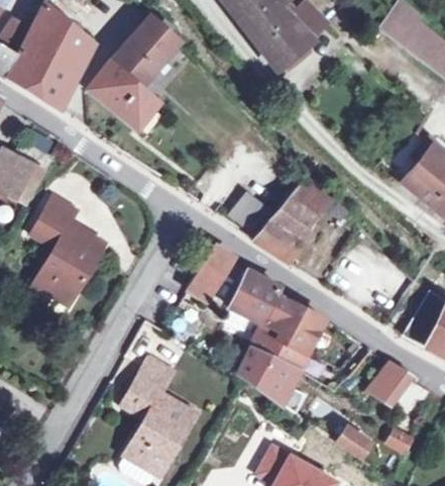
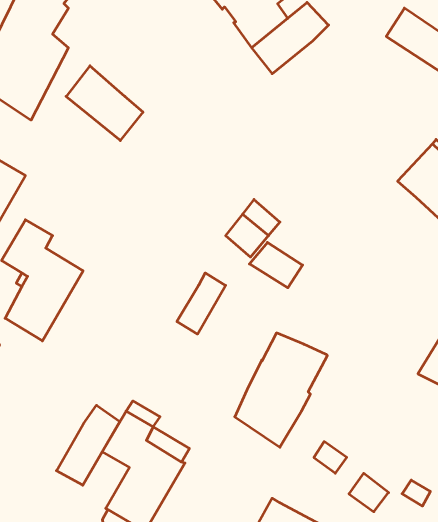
building: [110,16,179,88] -> none
building: [268,174,328,238] -> none
building: [230,273,281,324] -> none
building: [365,362,412,408] -> none
building: none -> [56,405,120,485]

